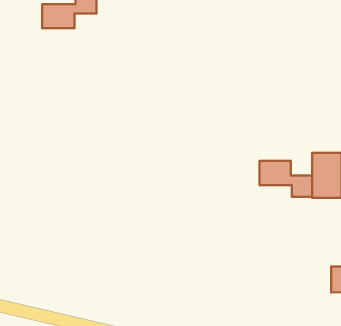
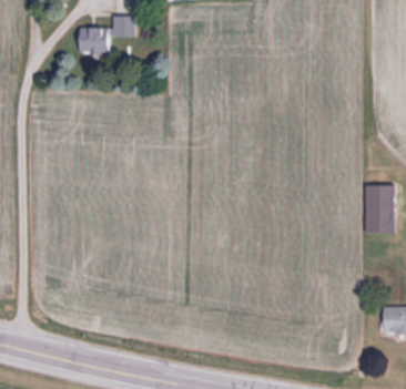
building: [260,161,312,197] -> none

